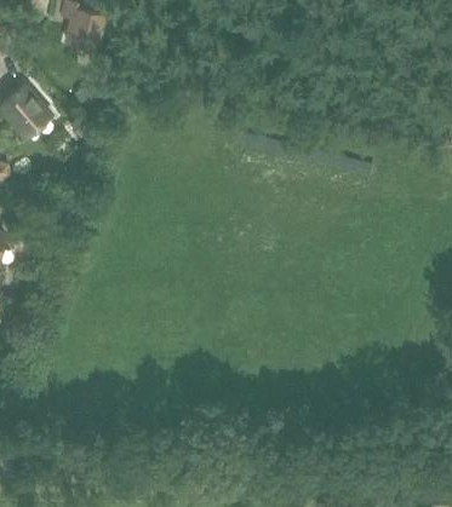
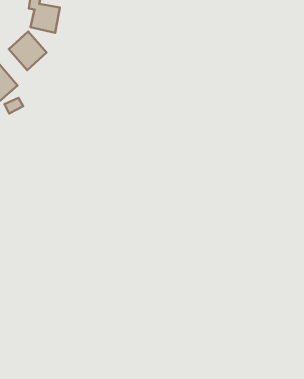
building: none -> [9,32,46,70]

